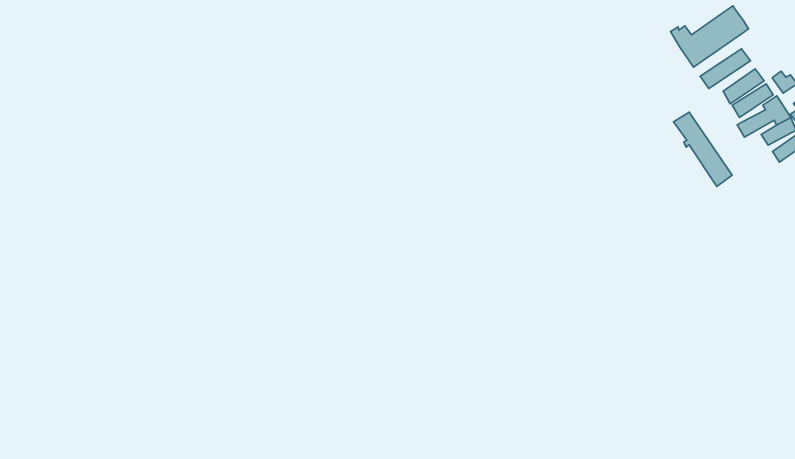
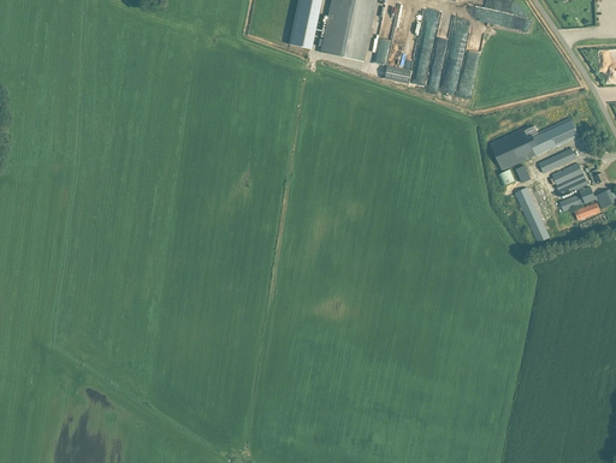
building: none -> [488,127,534,171]

